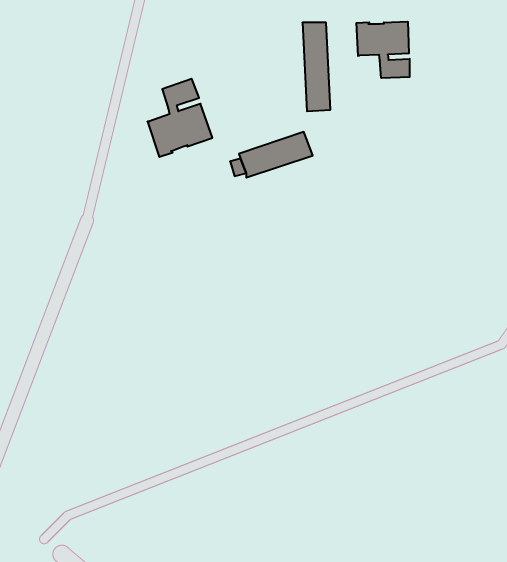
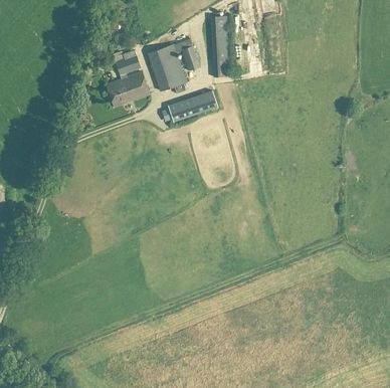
building: [356,22,410,78] -> none
building: none -> [148,38,200,93]

